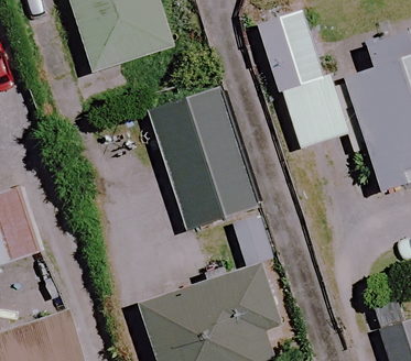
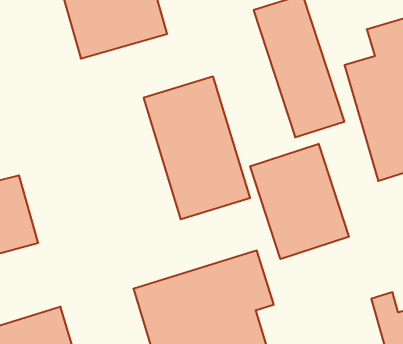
building: none -> [250,144,349,259]

